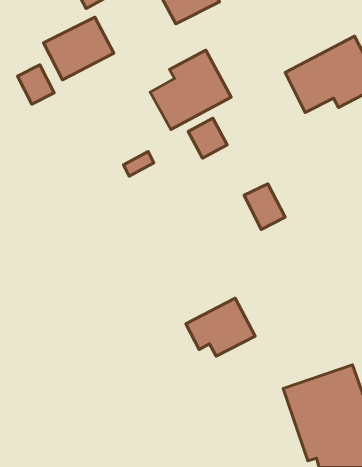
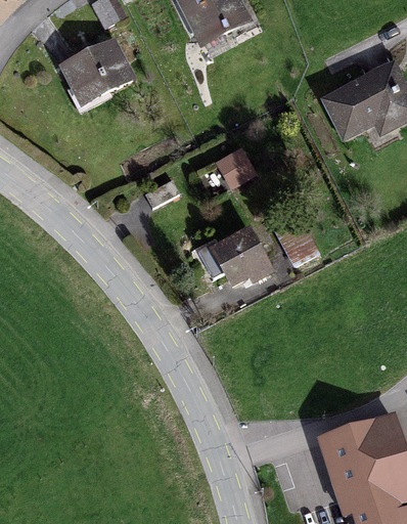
building: [150,50,231,129] -> none
building: [18,65,54,104] -> none
building: [186,298,255,356] -> [198,225,273,288]

